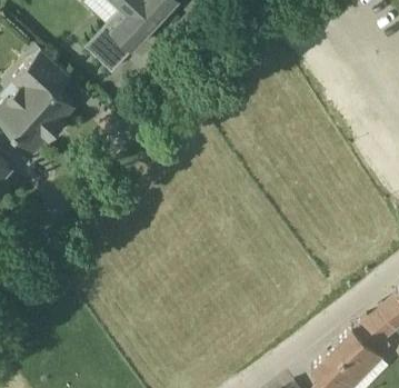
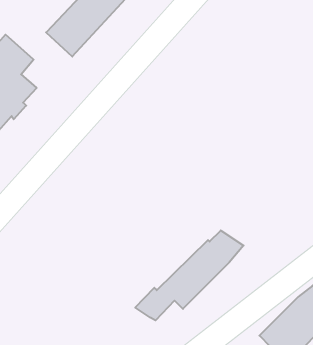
building: none -> [135,230,244,320]

